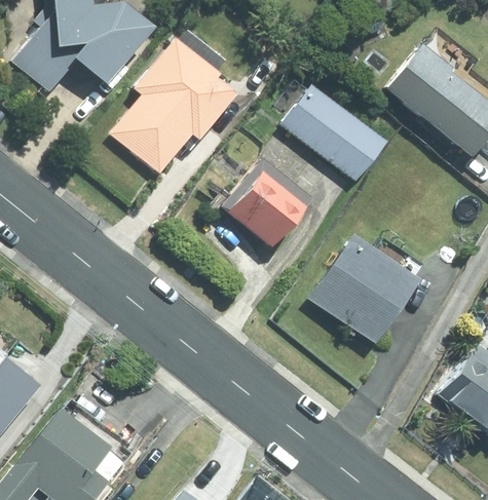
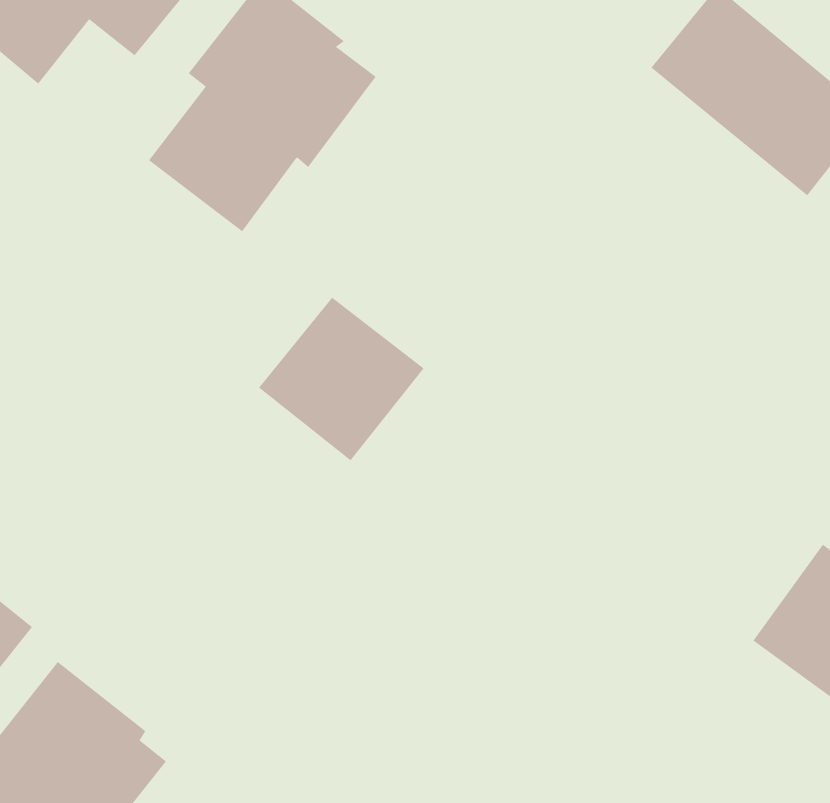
building: [281,83,387,181] -> none
building: [221,156,311,245] -> [258,297,425,461]
building: [303,234,414,344] -> none

